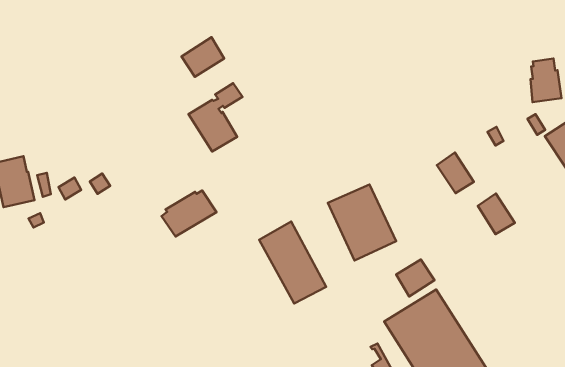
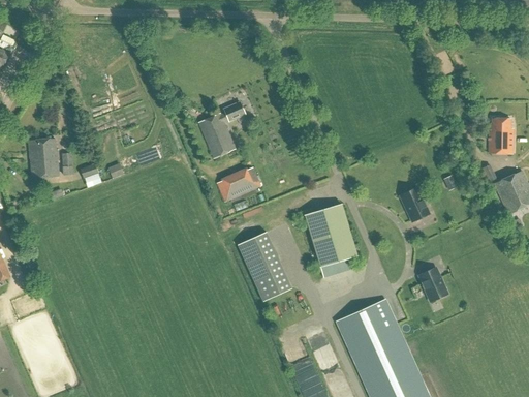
building: [181,37,224,77] -> none
building: [162,191,216,236] -> [214,165,260,201]
building: [478,193,515,234] -> [418,267,447,301]
building: [396,260,435,296] -> none

